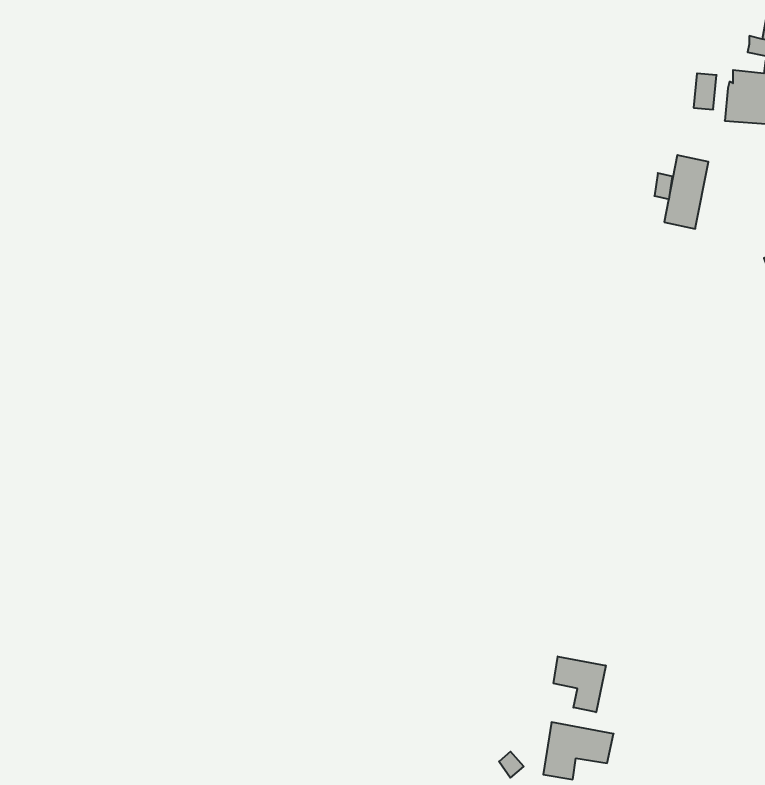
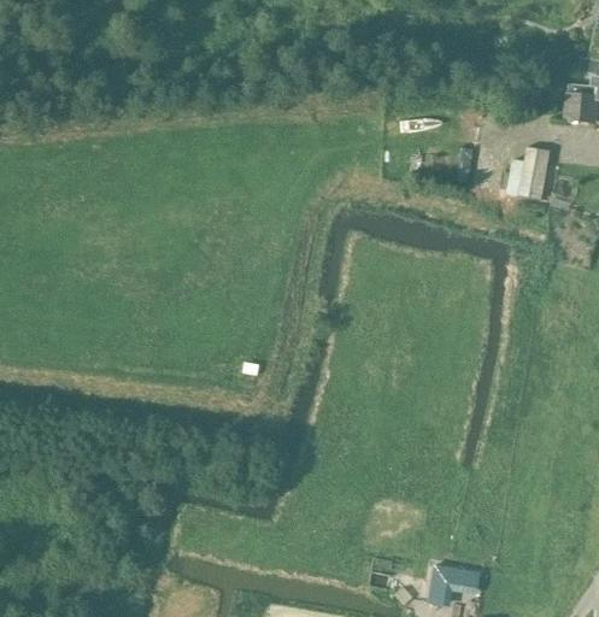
building: [554,656,606,712] -> none

